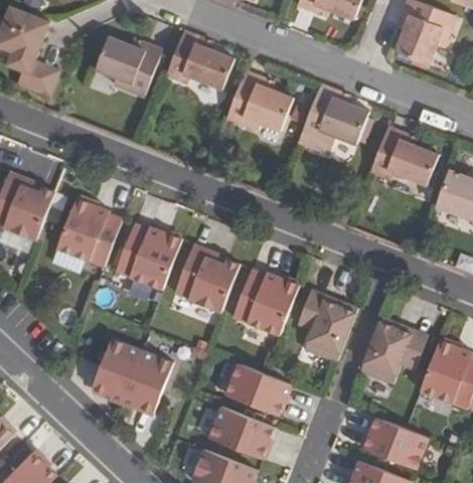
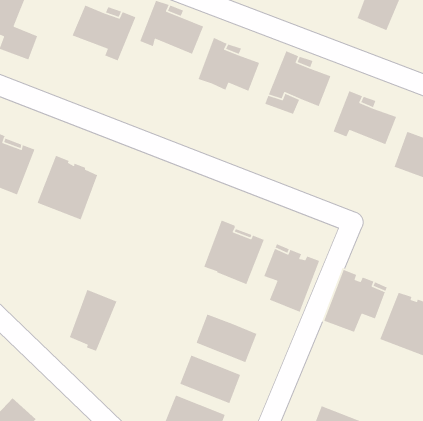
building: [114,224,181,291] -> none
building: [173,247,240,314] -> none
building: [120,351,173,415] -> none
building: [362,419,428,470] -> none

